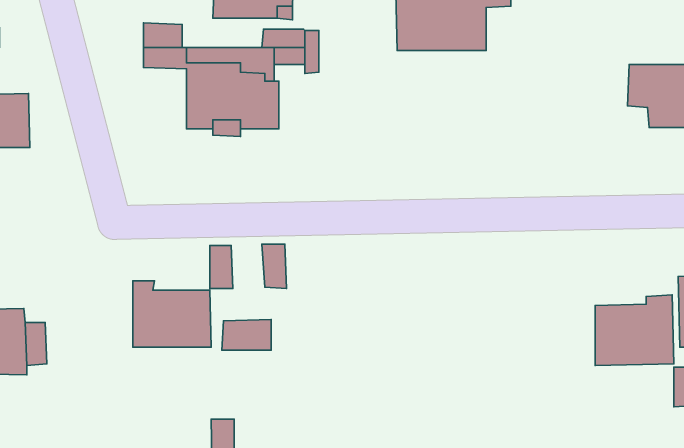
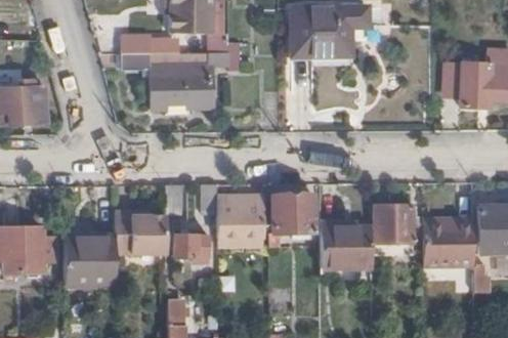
building: none -> [272,196,312,233]
building: none -> [220,197,262,237]
building: none -> [376,207,419,243]
building: none -> [321,226,372,269]
building: none -> [65,234,116,287]

